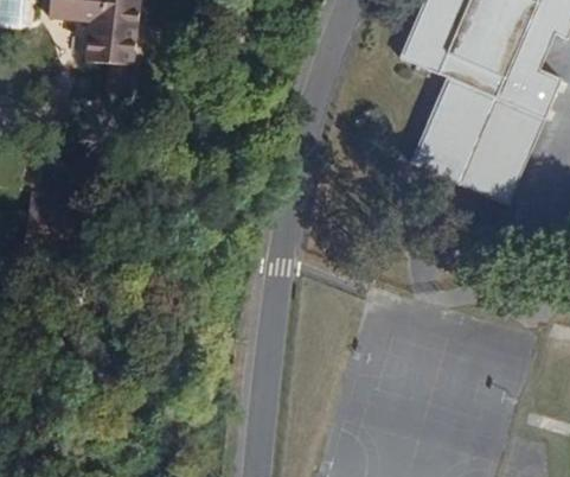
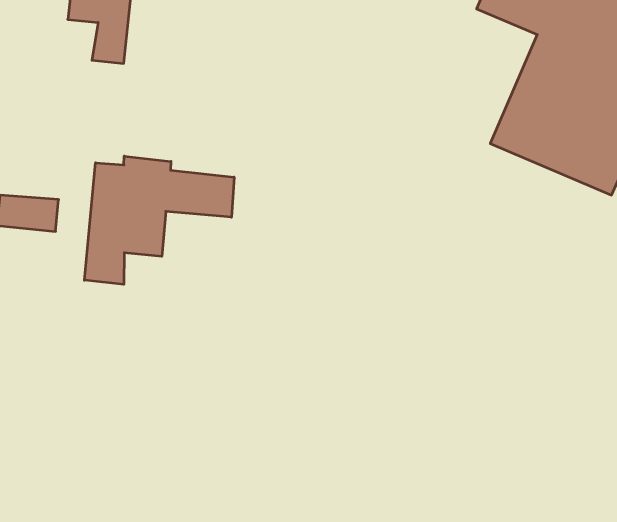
building: none -> [84,156,234,284]

